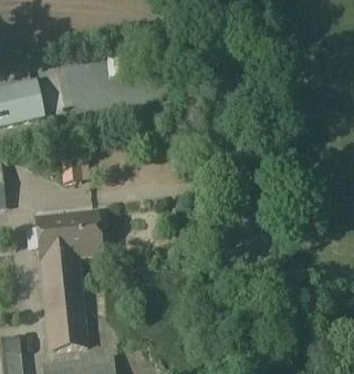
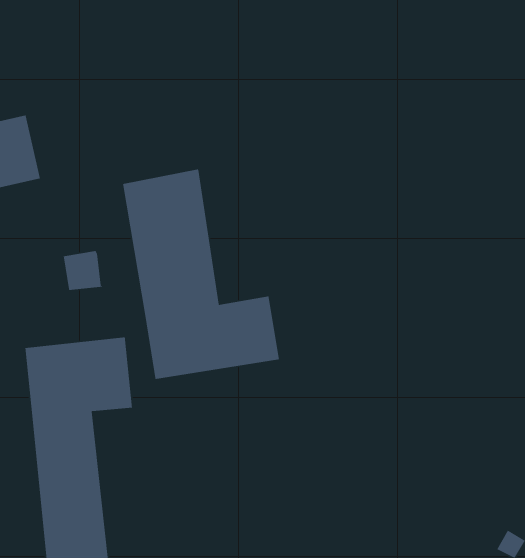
building: none -> [122,168,280,380]

